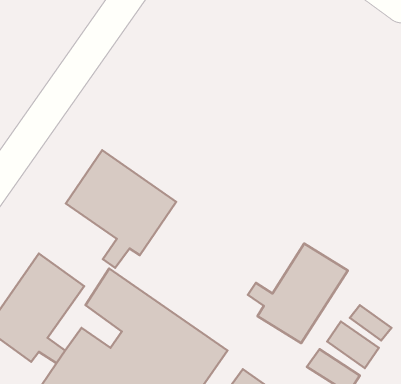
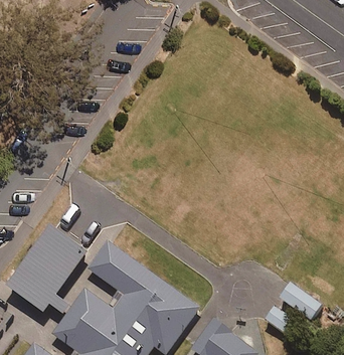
building: [66,150,176,268] -> none
building: [248,243,348,343] -> none

